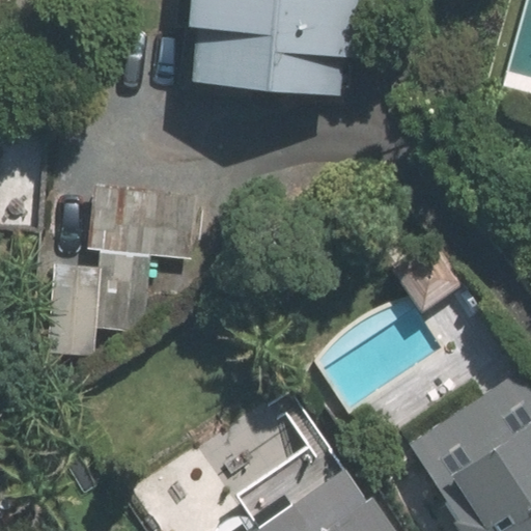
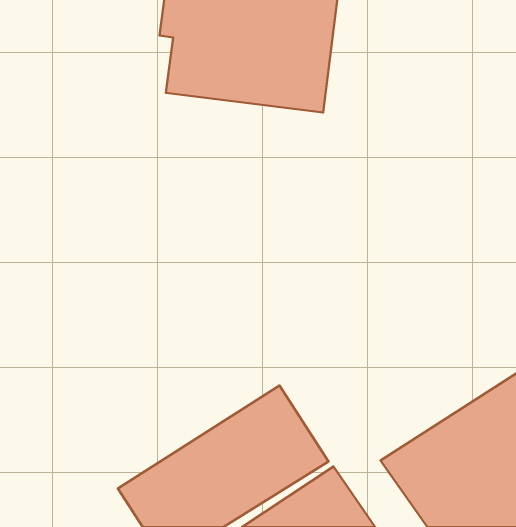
building: [48,183,213,361] -> none

